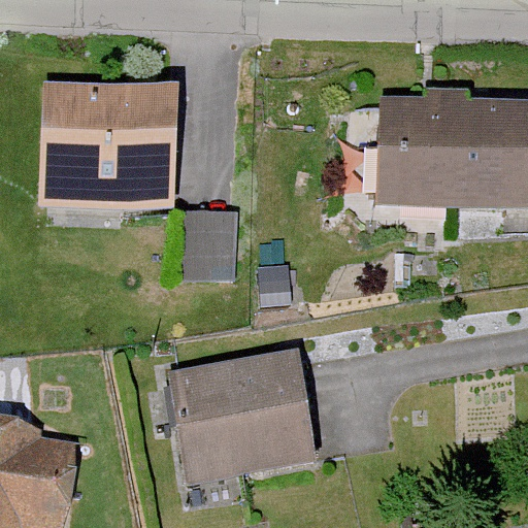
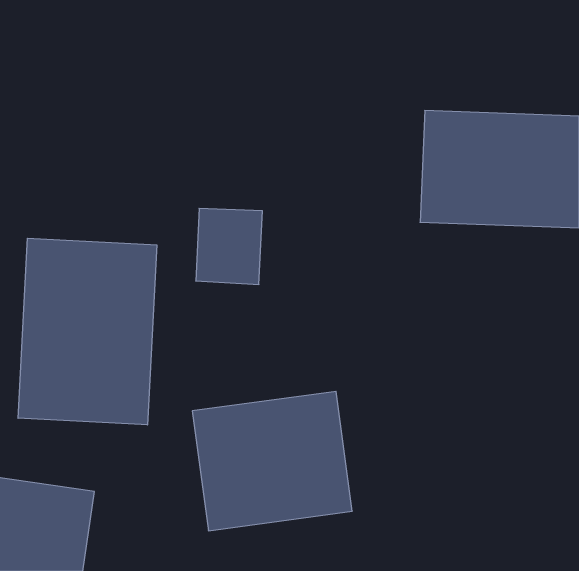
building: [33,82,178,207] -> none
building: none -> [18,238,157,425]

